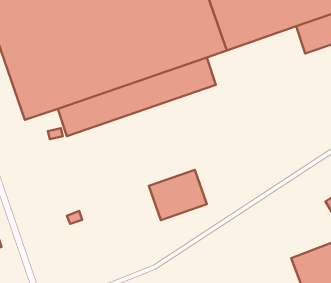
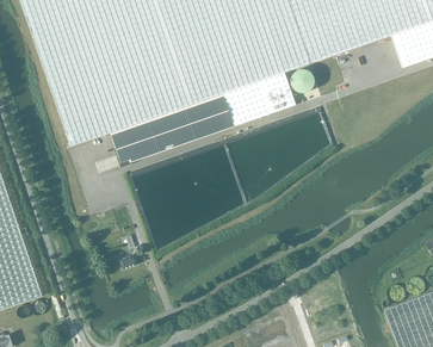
building: [149,170,207,220] -> none

